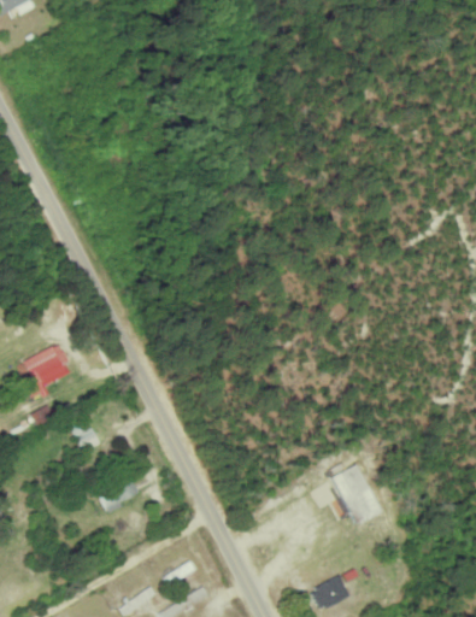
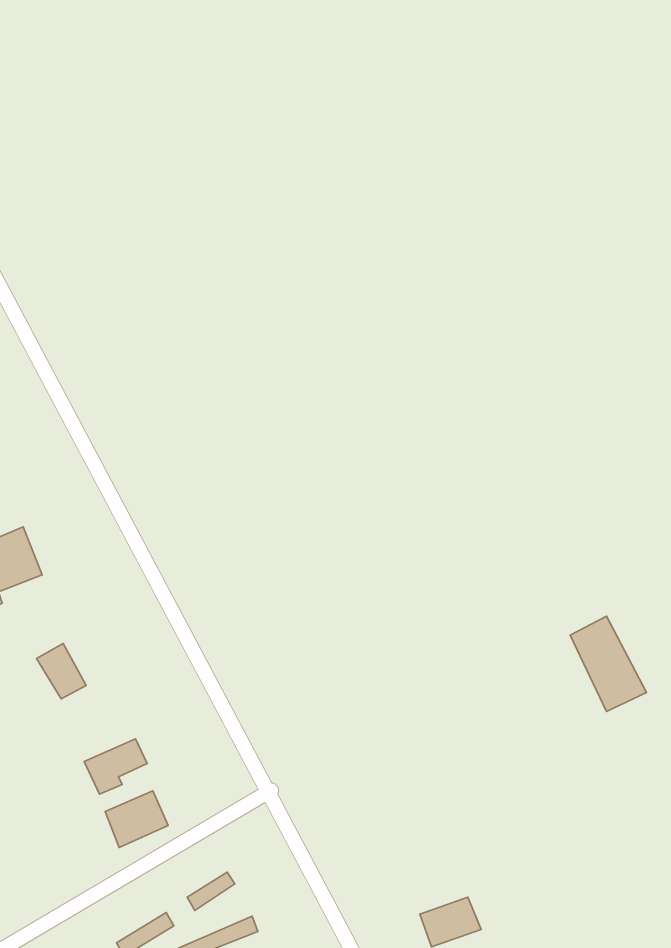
building: [333,464,381,524] -> [570,616,646,712]
building: none -> [105,791,168,848]

